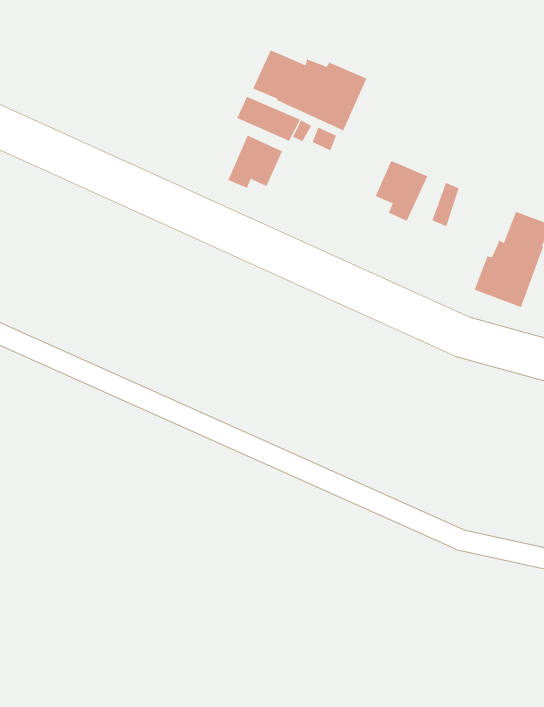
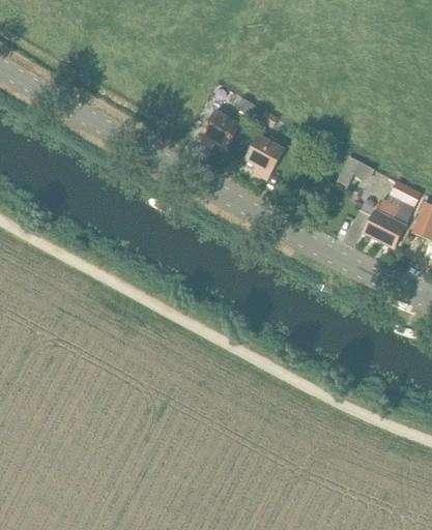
building: [253,50,367,131] -> none
building: [375,160,428,221] -> [246,135,284,178]

